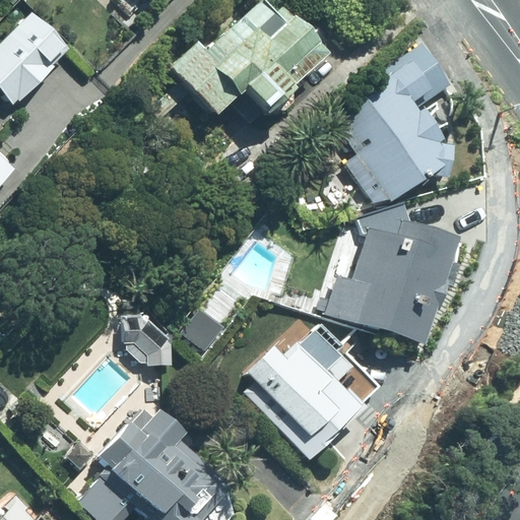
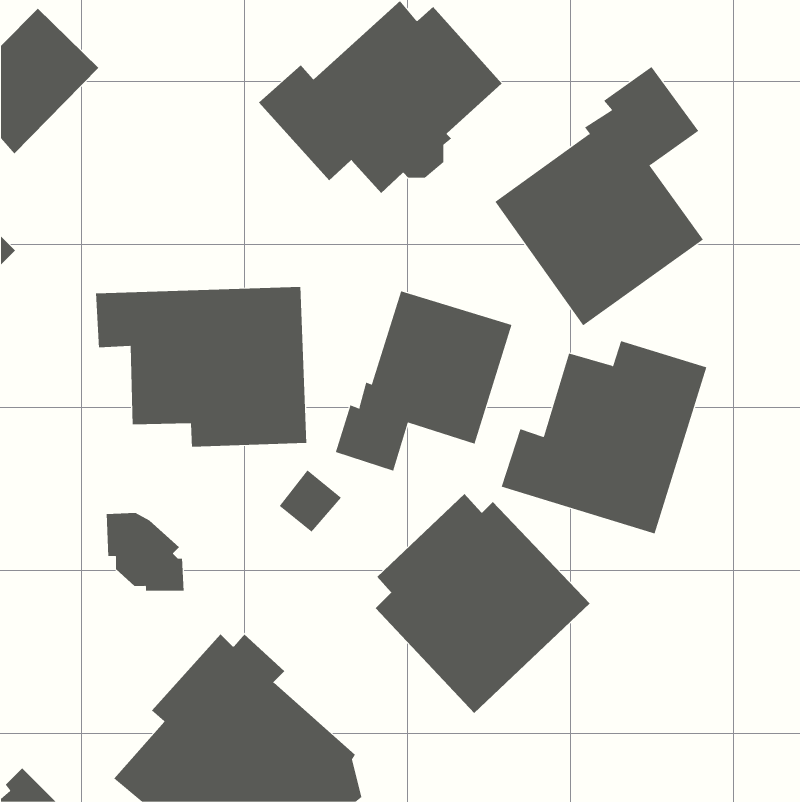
building: none -> [95,286,307,448]
building: none -> [335,290,512,471]
building: [123,315,174,366] -> [106,512,185,591]

